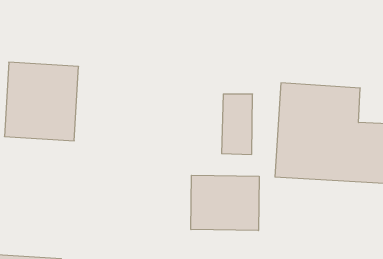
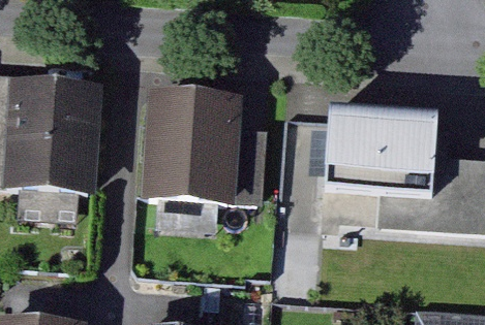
building: none -> [148,102,237,195]
building: [191,175,259,231] -> none

